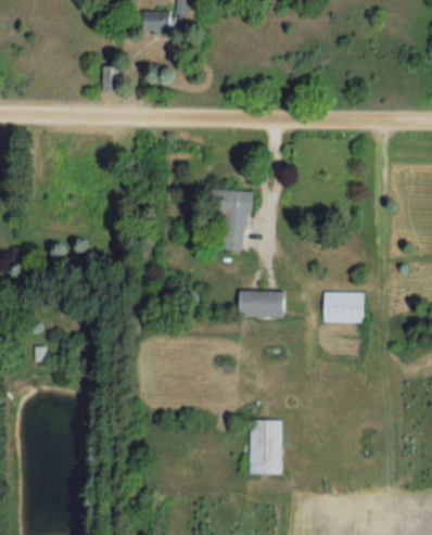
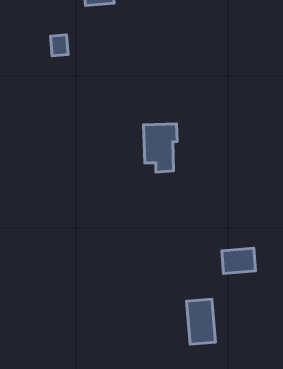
building: [241,291,284,317] -> none
building: [322,292,364,321] -> [222,248,256,273]

